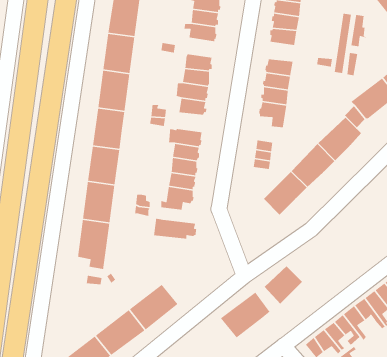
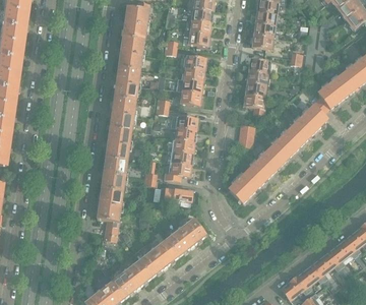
building: [264,265,303,305] -> [229,171,260,202]
building: [220,292,271,338] -> [166,218,206,255]

